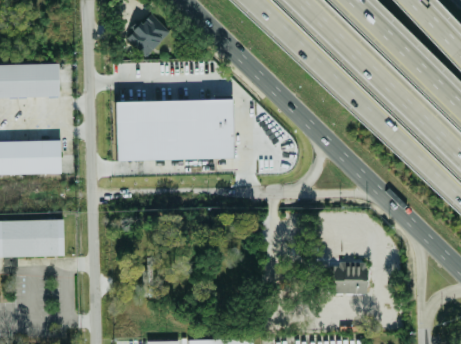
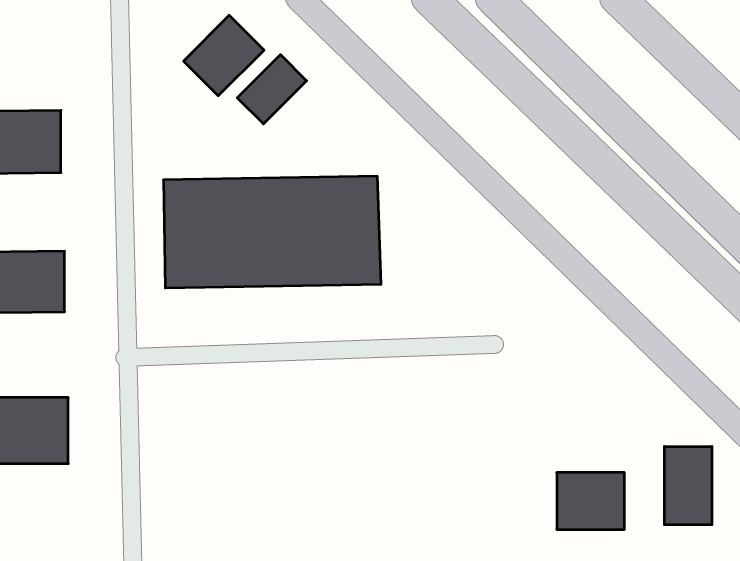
building: none -> [237,55,307,124]
building: none -> [664,446,712,525]

